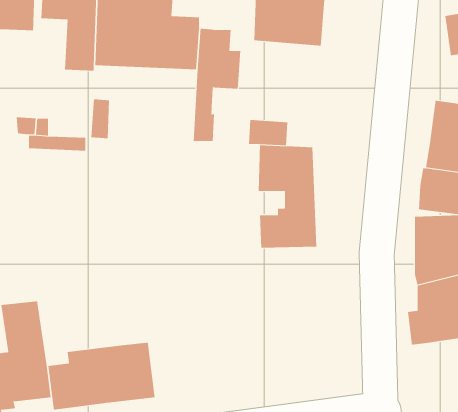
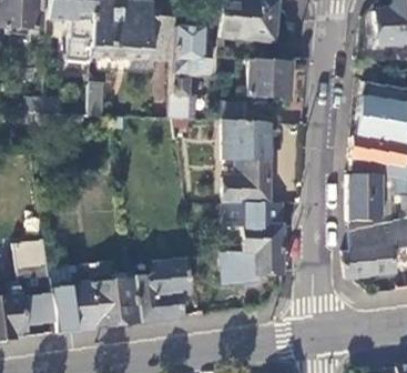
building: none -> [247,59,291,97]
building: none -> [222,200,283,283]
building: none -> [134,260,190,322]

